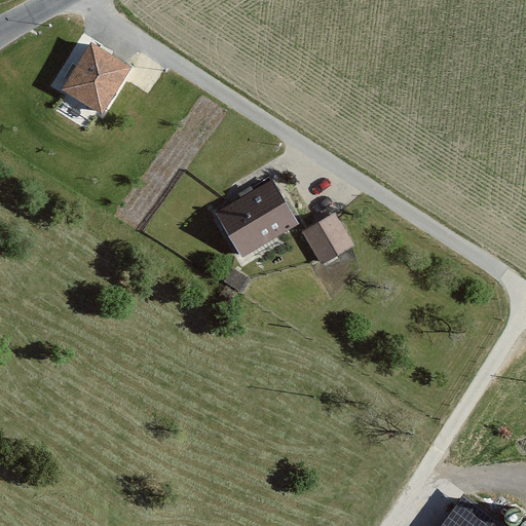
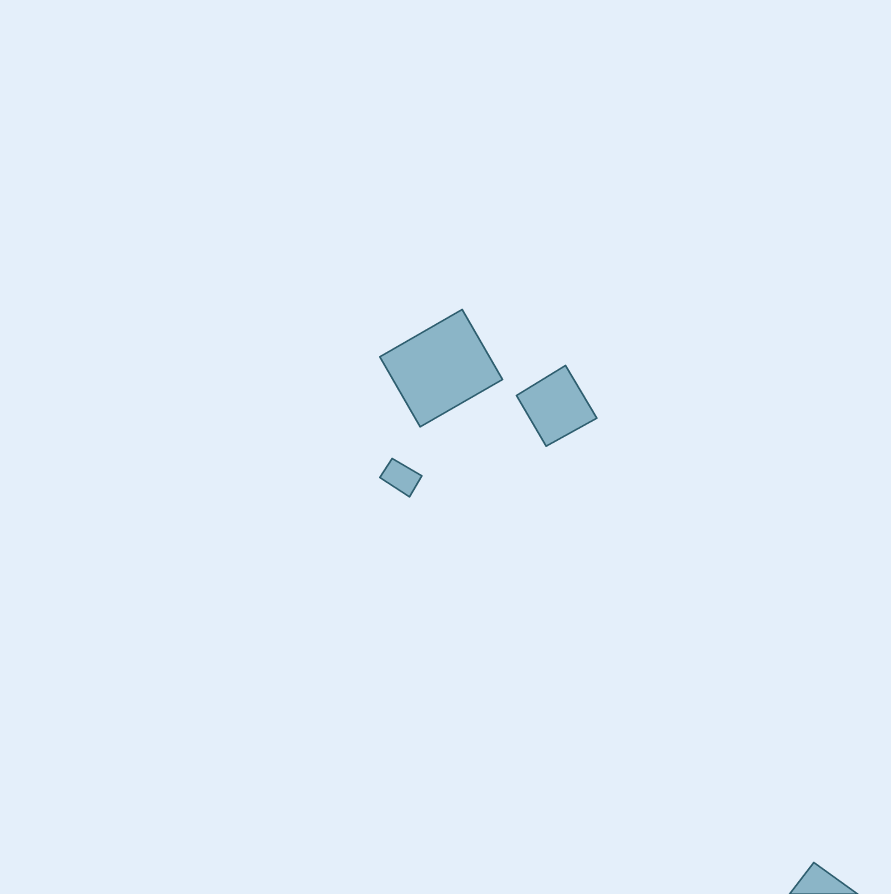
building: [64,46,125,110] -> none

